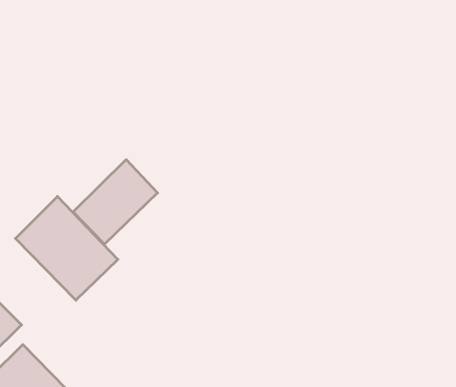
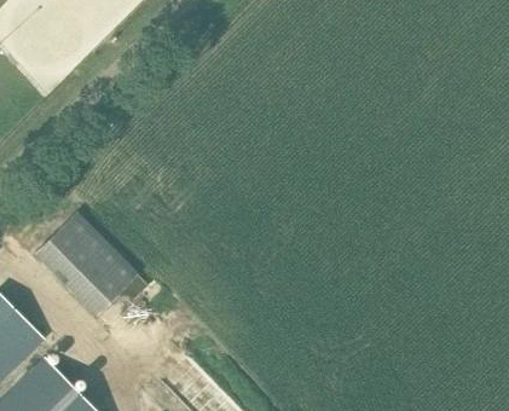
building: [73,160,158,244] -> none

